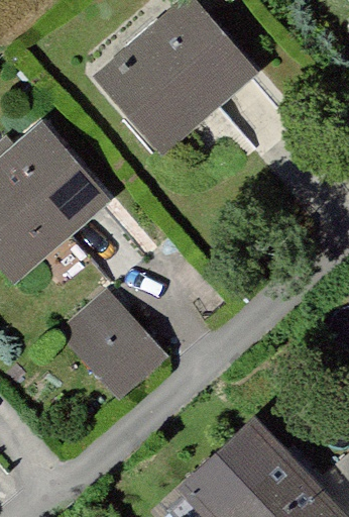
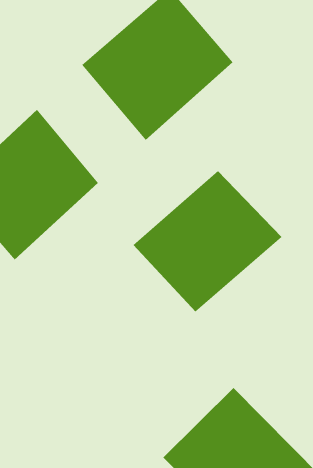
building: none -> [133,170,283,313]
building: [63,292,165,400] -> none

